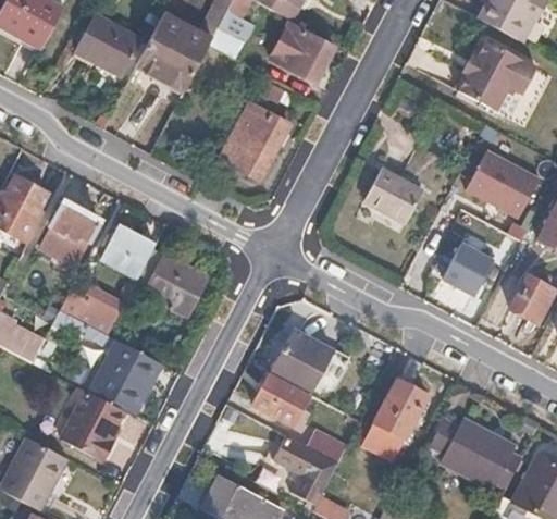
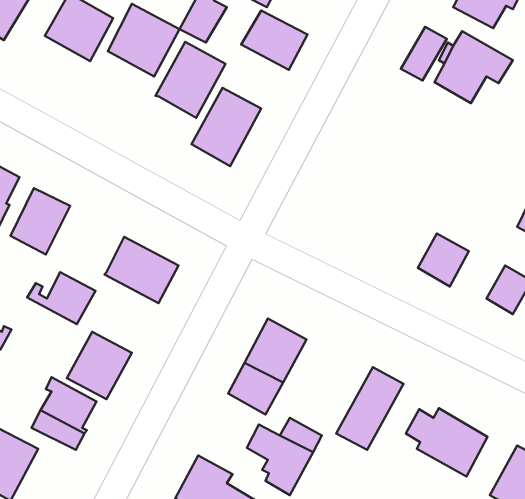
building: none -> [401,27,447,81]
building: none -> [156,42,225,118]
building: [467,151,540,220] -> none
building: [360,170,419,223] -> none
building: [104,226,156,276] -> none

